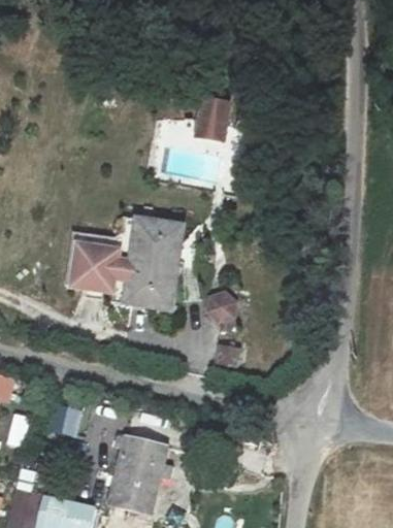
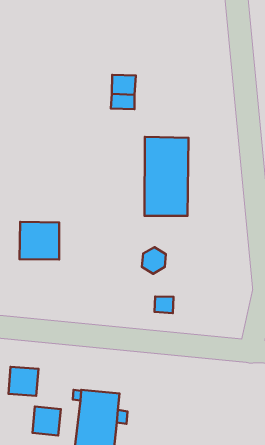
building: [125,218,184,309] -> [145,137,189,216]
building: none -> [32,407,61,436]

